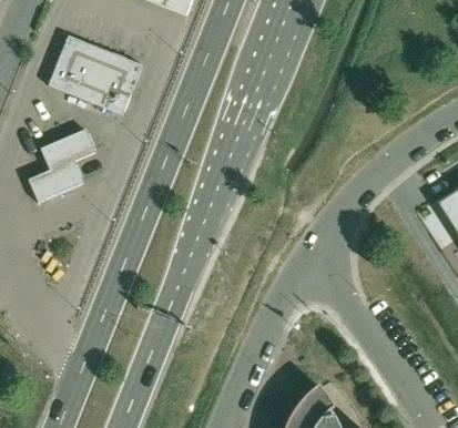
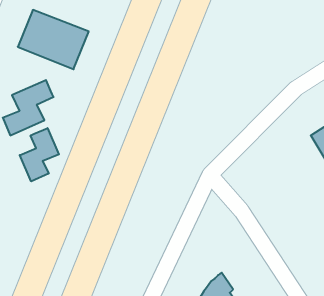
building: none -> [20,128,59,181]

